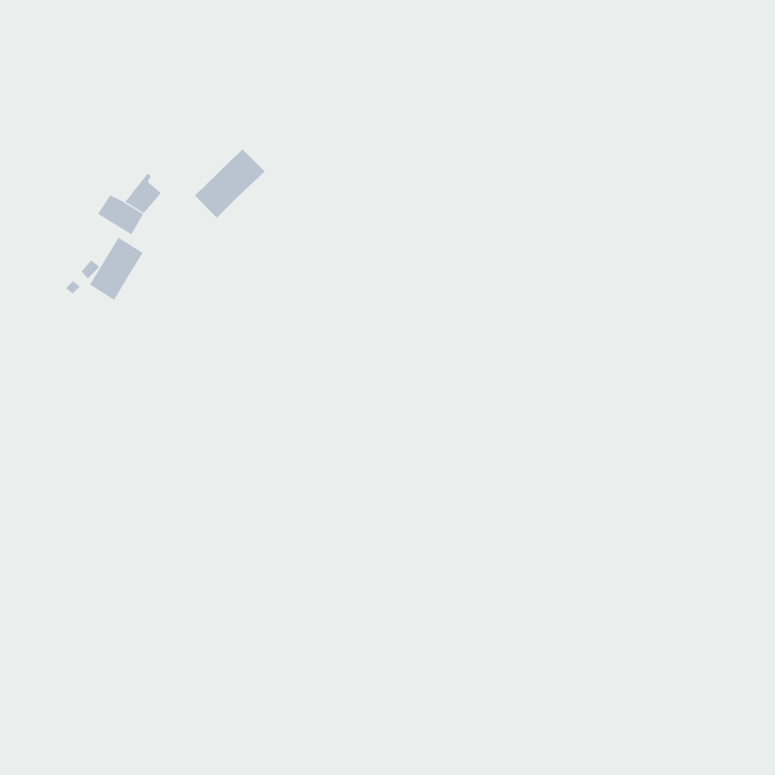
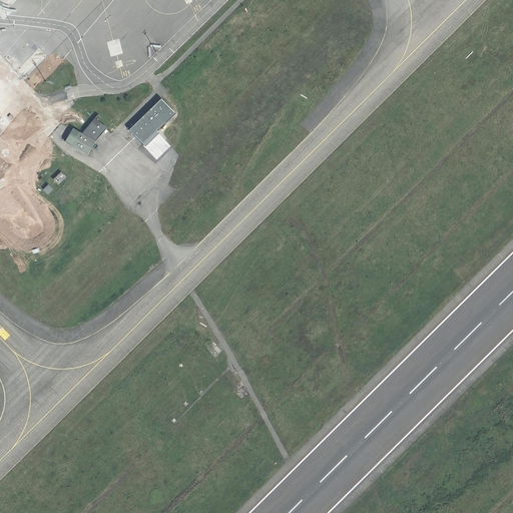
building: [89,237,144,301] -> none

